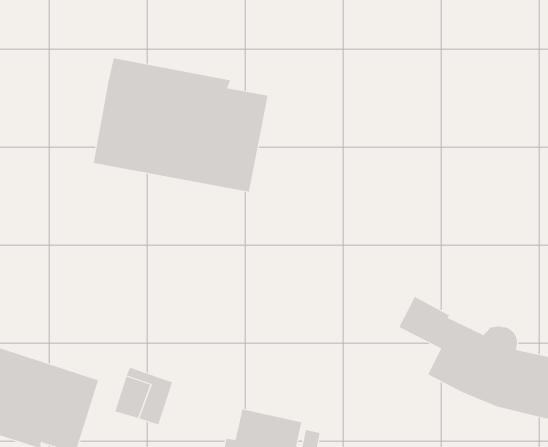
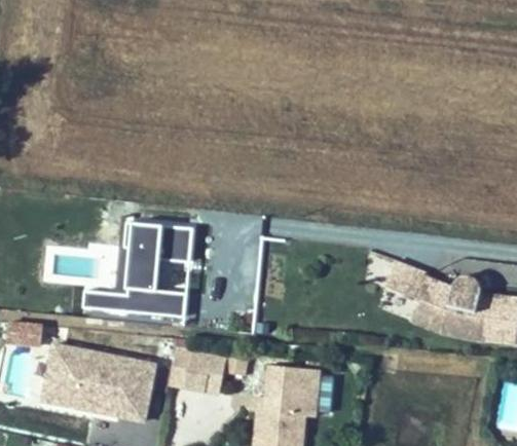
building: [93,57,268,192] -> none
building: none -> [86,227,187,315]

